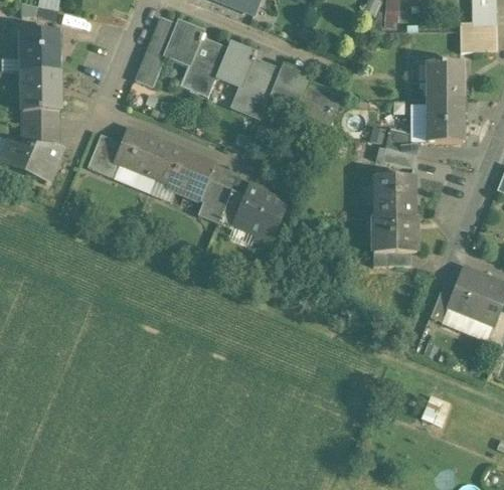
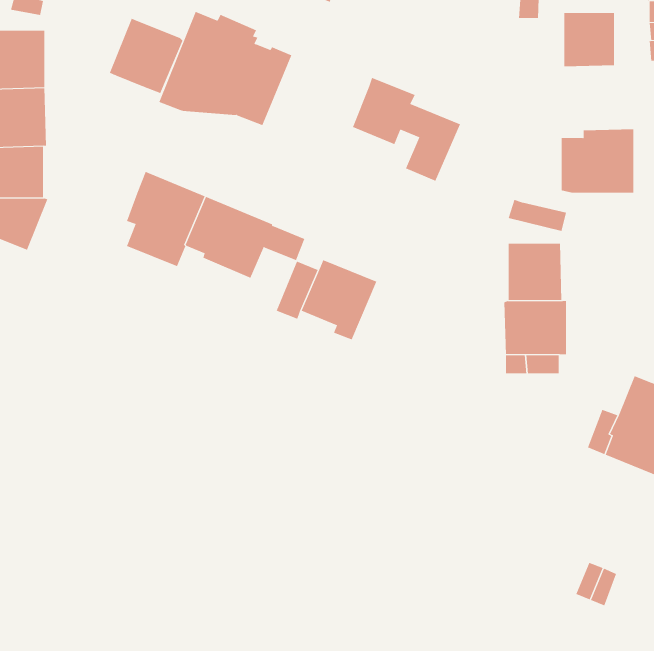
building: none -> [109,18,183,94]
building: [215,40,280,116] -> none
building: [427,60,462,98] -> [564,13,615,67]
building: [385,128,419,154] -> none
building: [87,133,121,177] -> none
building: [197,178,230,221] -> none

